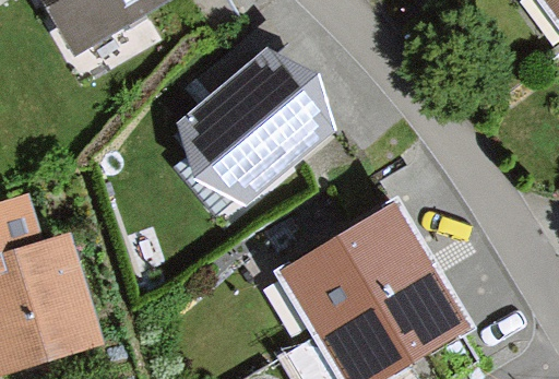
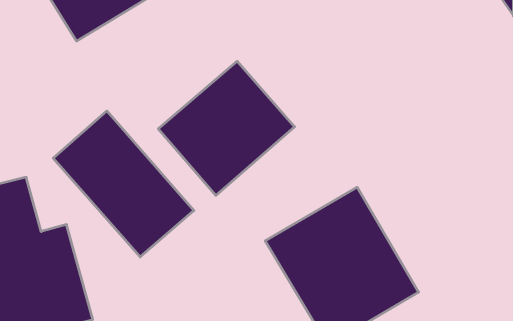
building: none -> [53,111,194,257]

